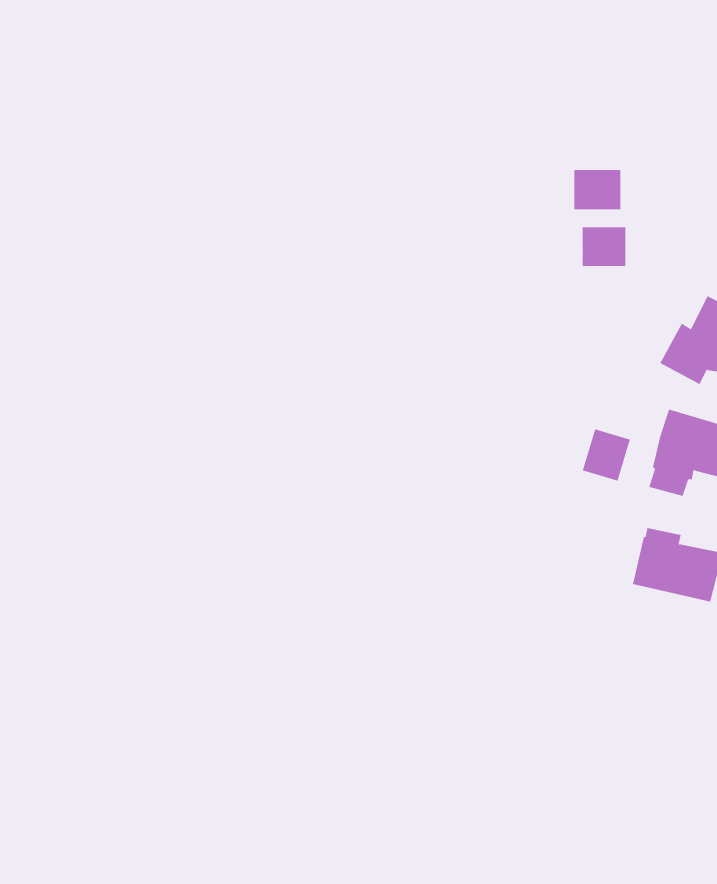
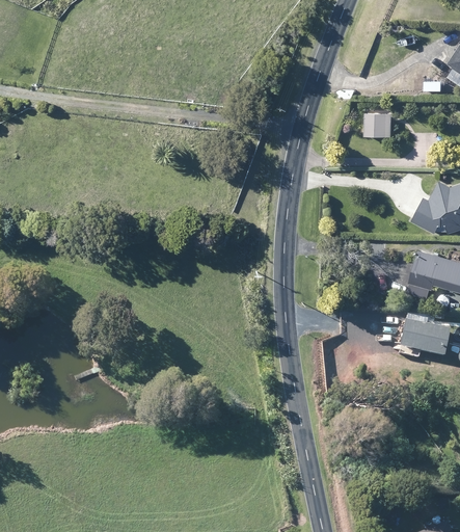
building: [582,226,626,267] -> none
building: [582,428,631,481] -> none

